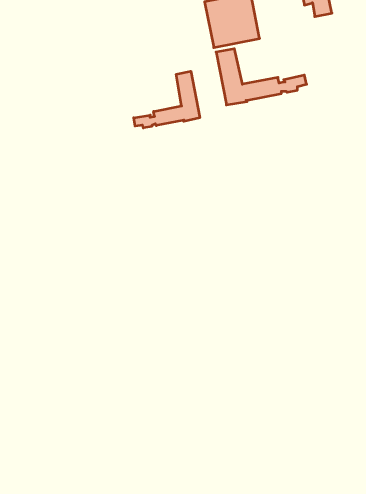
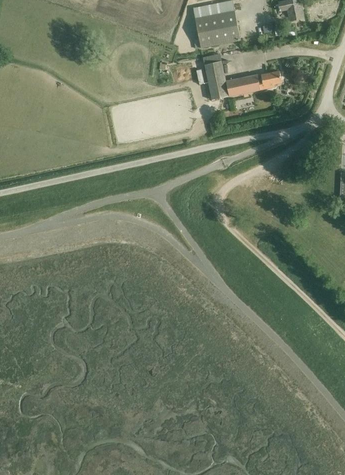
building: [134,71,200,128] -> none

